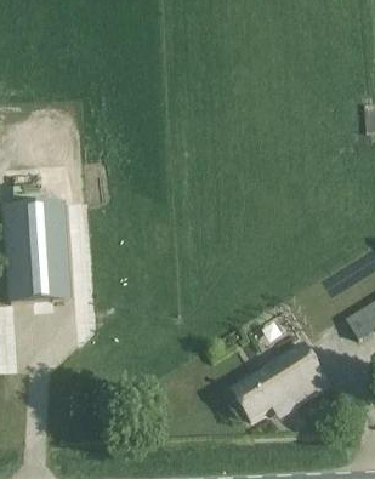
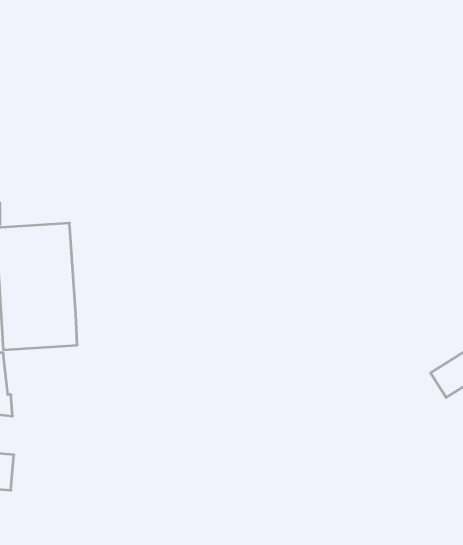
building: [233,344,330,420] -> none

